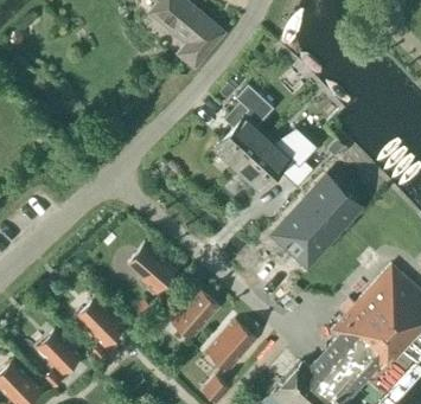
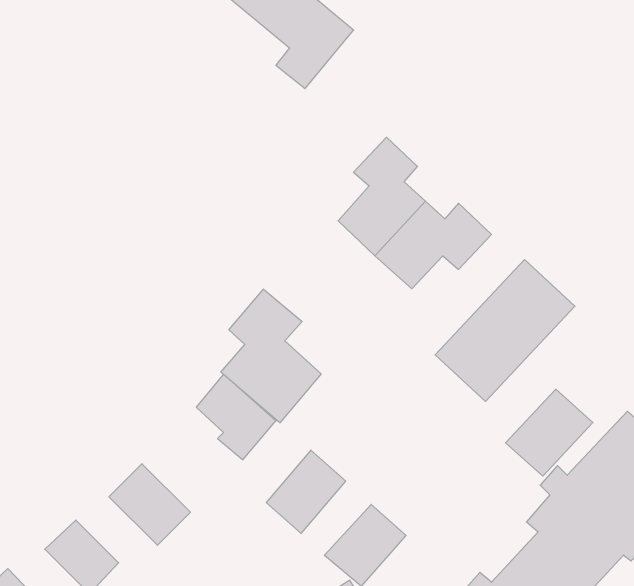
building: none -> [221,289,321,423]
building: none -> [506,389,593,476]

